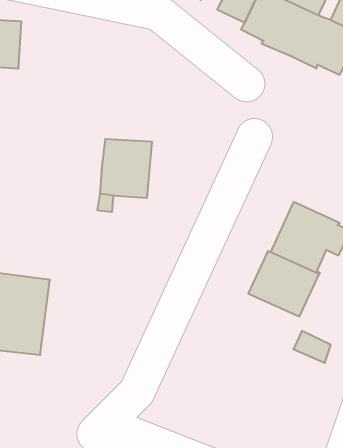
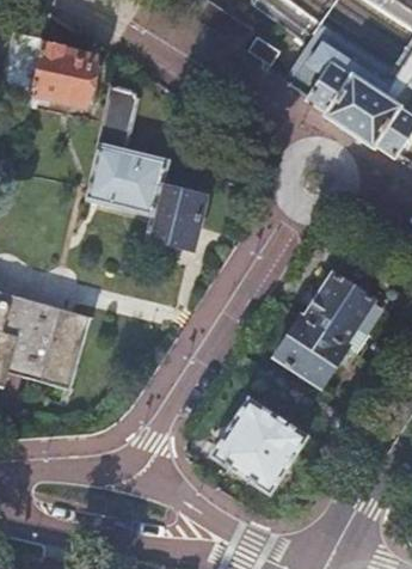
building: none -> [87,88,166,213]
building: none -> [213,398,308,495]

